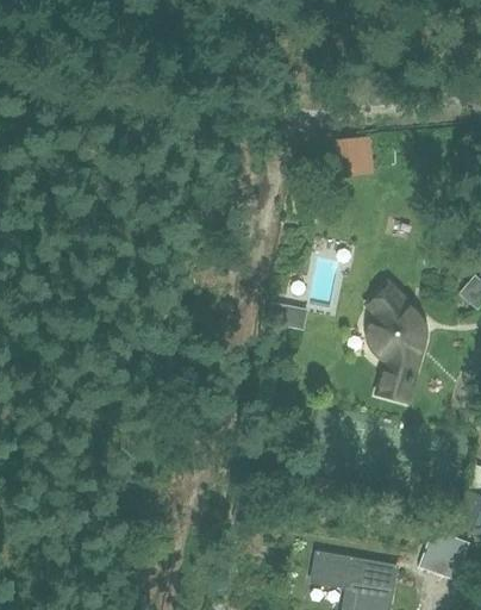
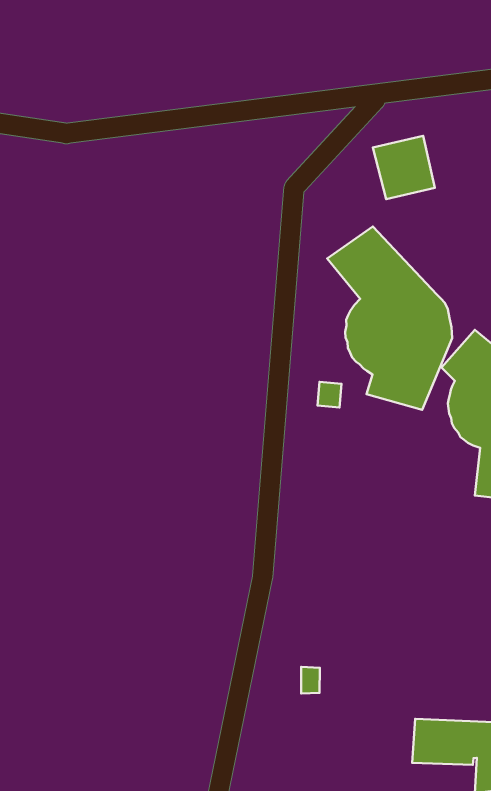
building: none -> [327,227,452,410]

